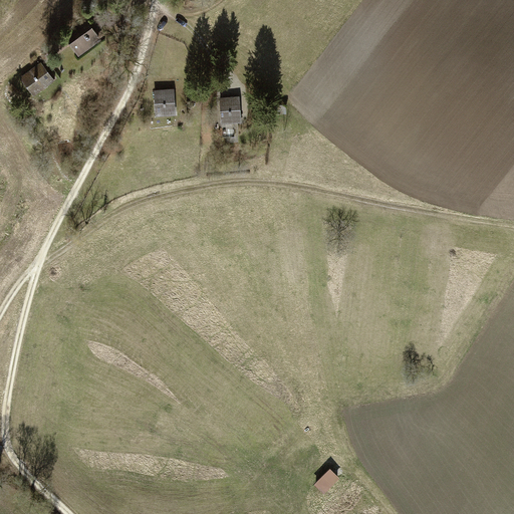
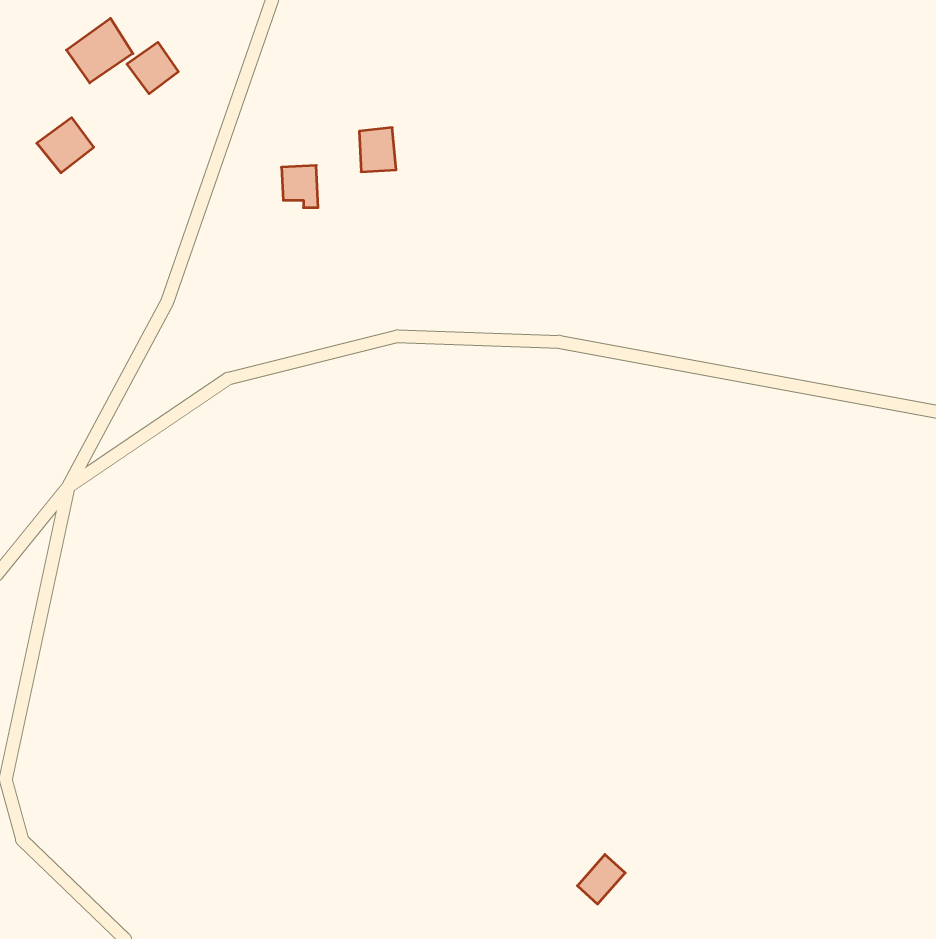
building: none -> [66,18,133,83]
building: [220,97,240,121] -> [359,128,396,172]

